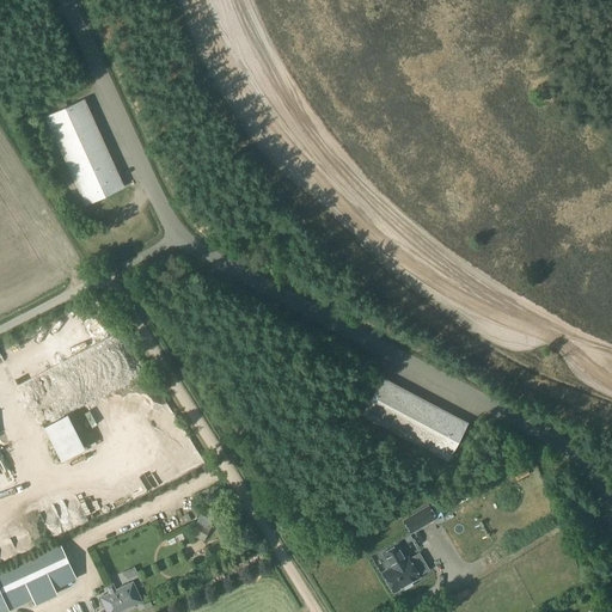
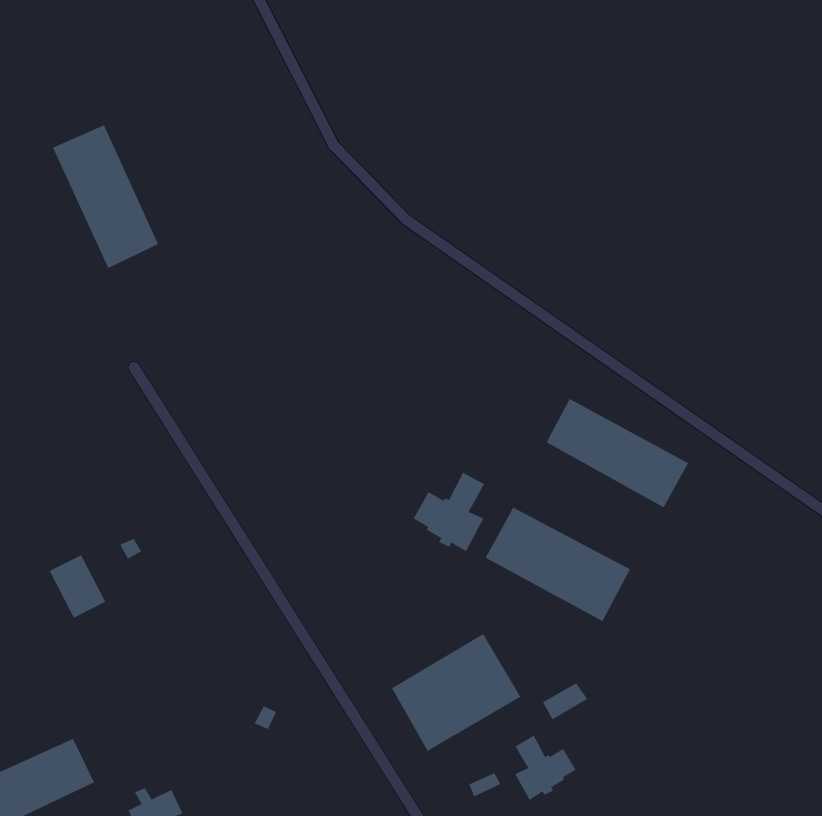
building: none -> [546,398,689,508]
building: none -> [413,472,485,552]
building: none -> [391,633,521,752]

